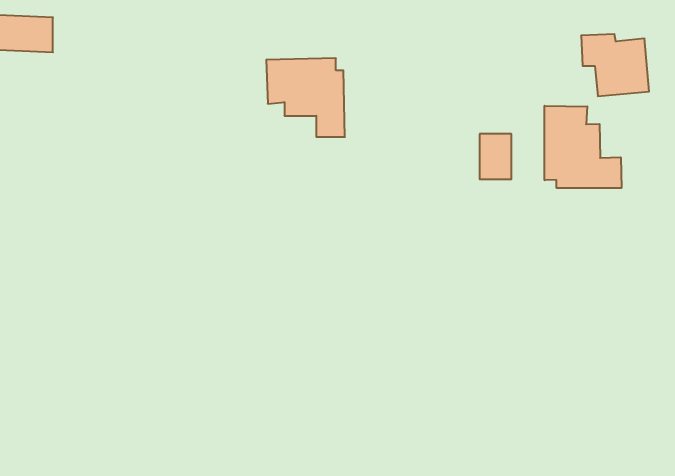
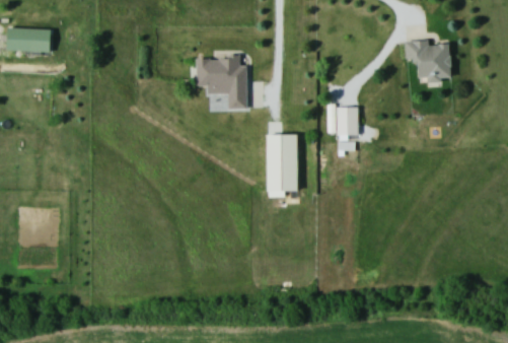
building: [545,106,621,188] -> none
building: none -> [266,135,297,198]

